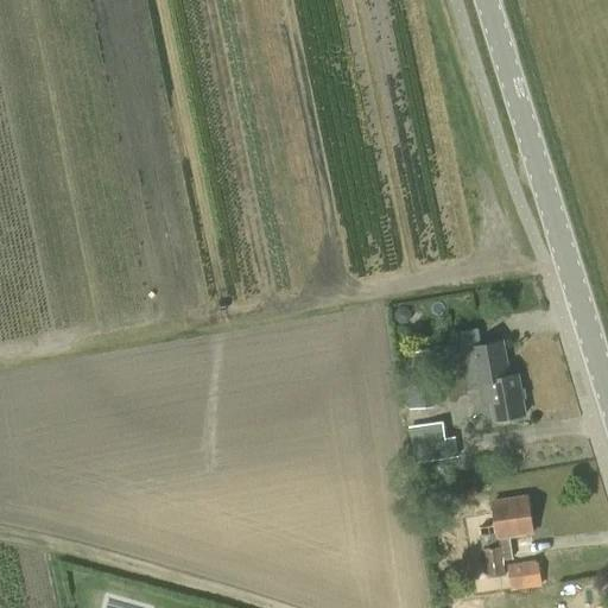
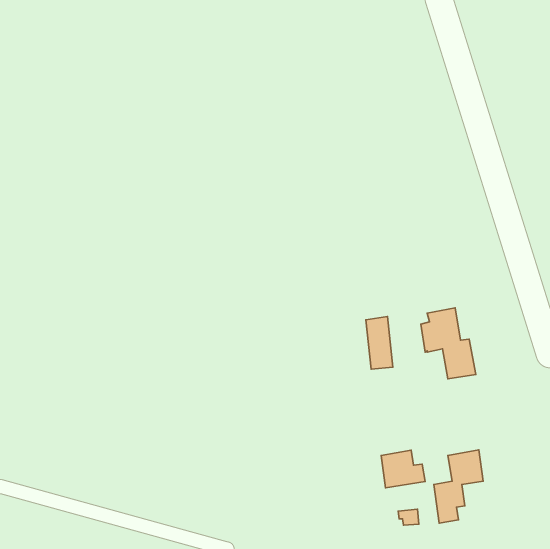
building: [410,420,458,462] -> [381,450,425,488]
building: [507,559,540,590] -> none

